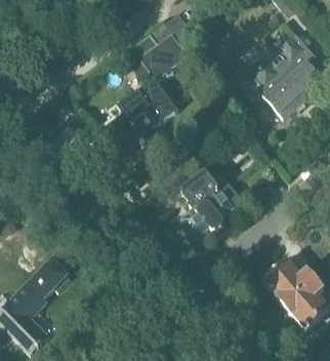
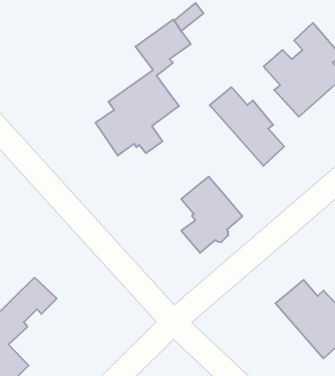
building: none -> [210,87,284,166]

